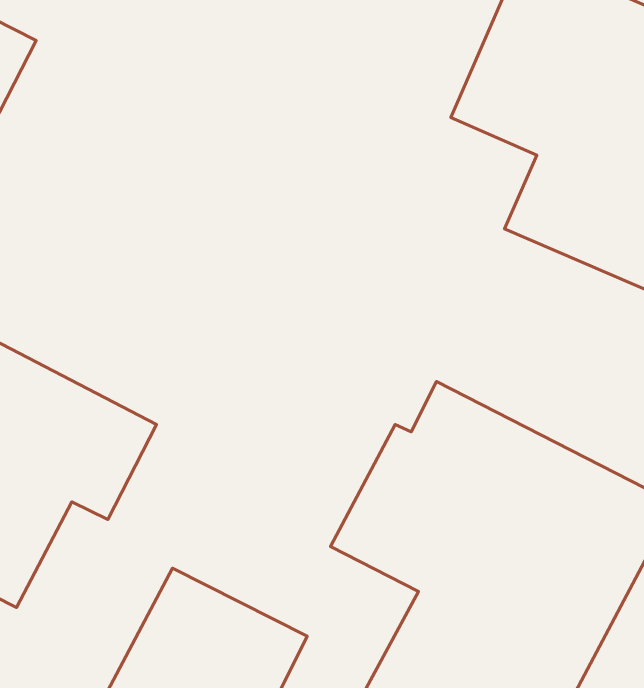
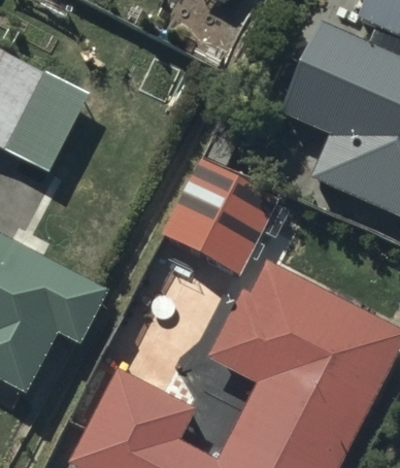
building: none -> [164,160,277,273]

